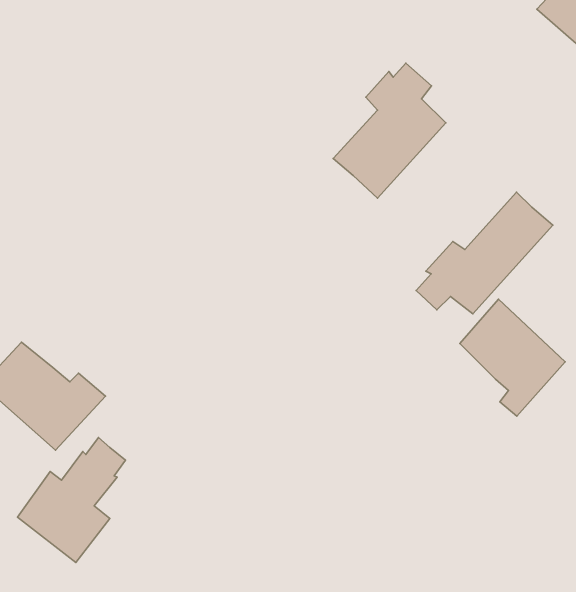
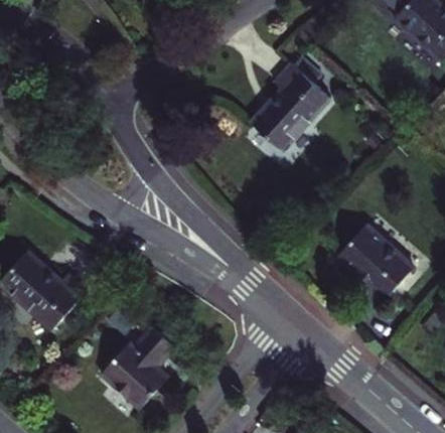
building: [416,192,553,314] -> none
building: [17,437,126,563] -> [105,316,181,405]

